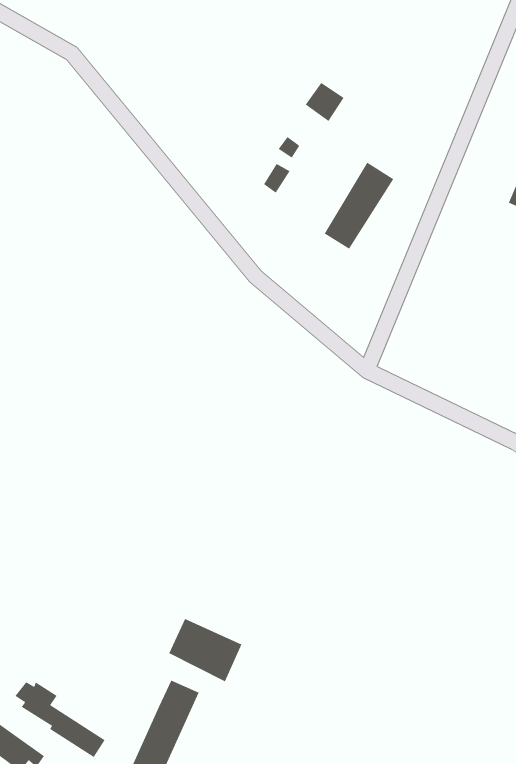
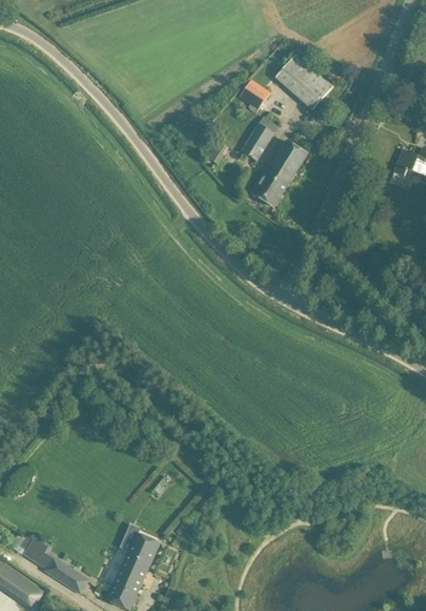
building: none -> [275,54,332,110]
building: none -> [241,123,274,161]
building: [169,618,242,682] -> none

